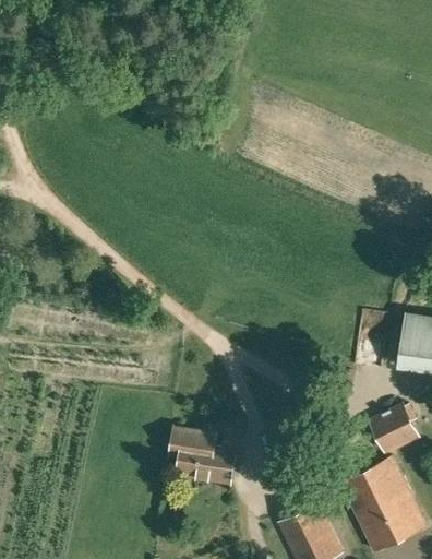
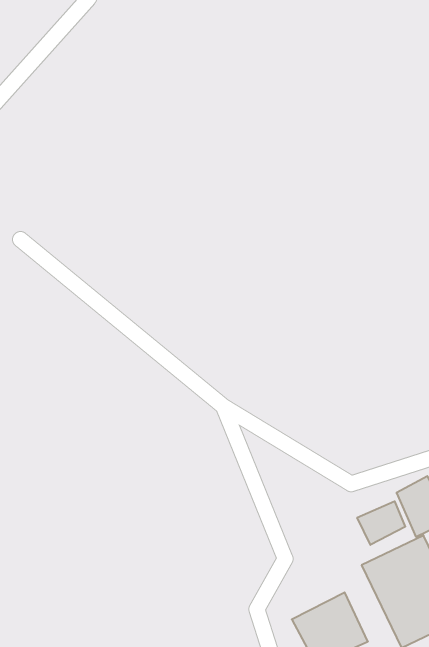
building: none -> [357,501,405,545]
building: [170,429,233,481] -> none

